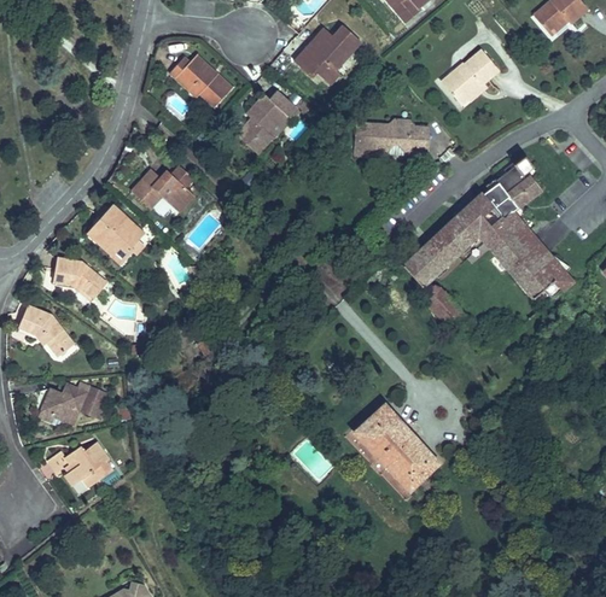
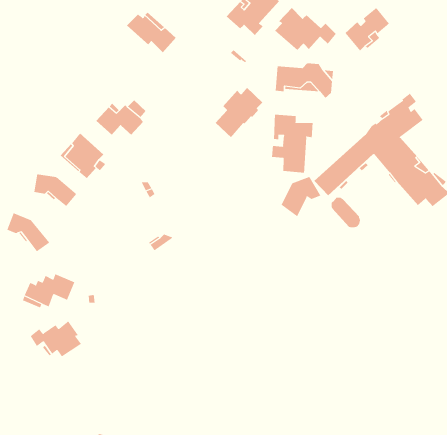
building: none -> [274,7,337,51]
building: [237,89,297,153] -> [215,87,263,138]
building: none -> [272,114,313,173]
building: none -> [281,176,321,217]
building: [355,404,438,488] -> none

